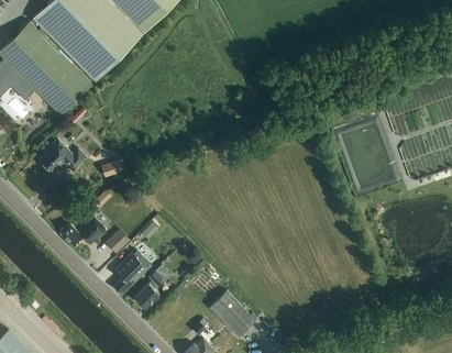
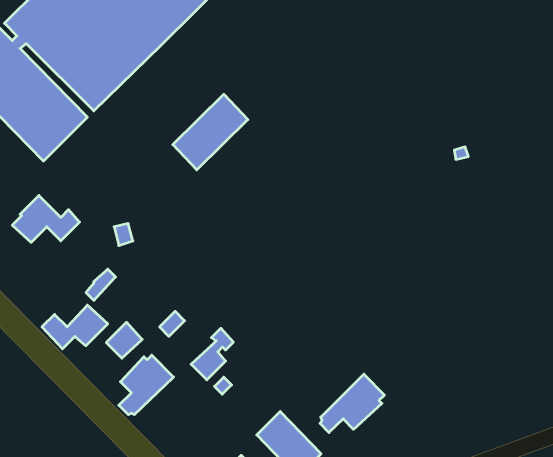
building: none -> [173,94,248,170]
building: none -> [320,374,384,433]
building: [133,272,163,308] -> [191,328,233,380]

